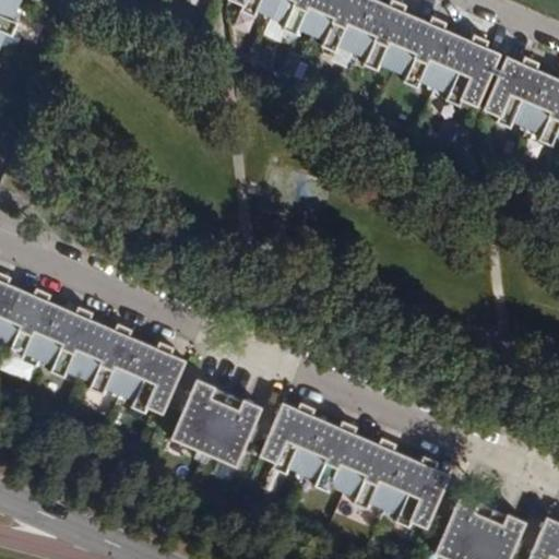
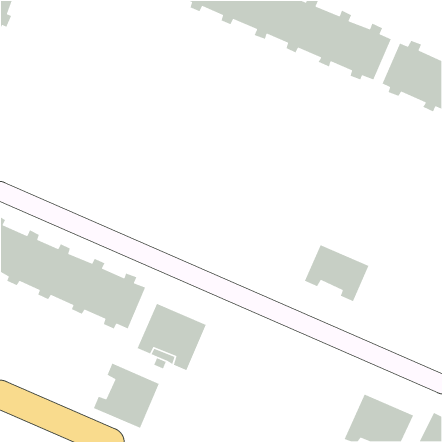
building: none -> [304,244,369,302]
building: [261,405,448,531] -> none
building: none -> [93,363,160,429]

